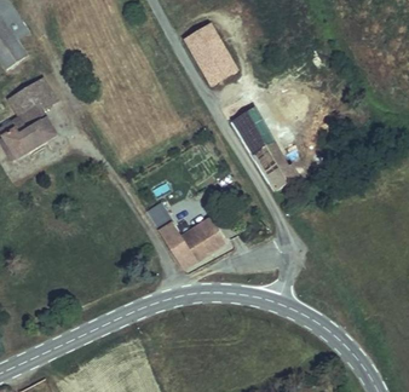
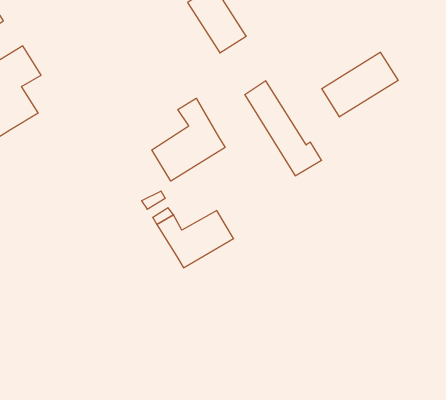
building: none -> [322,52,398,117]
building: none -> [152,98,225,181]

